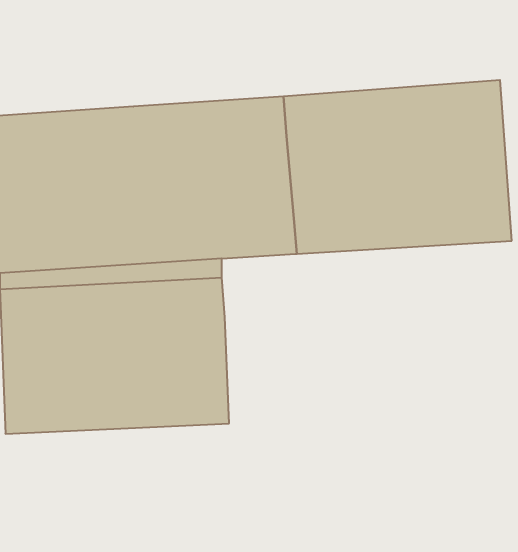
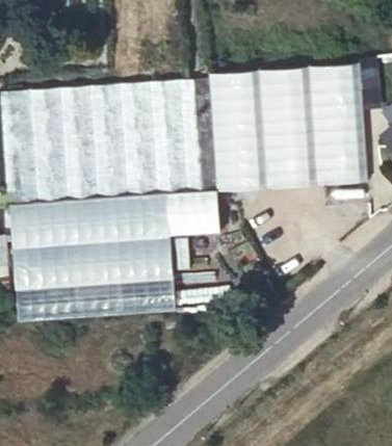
building: none -> [165,189,218,234]

